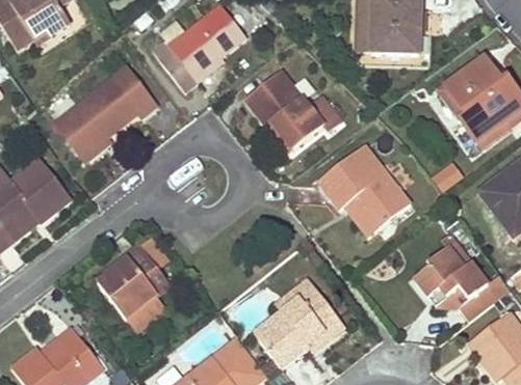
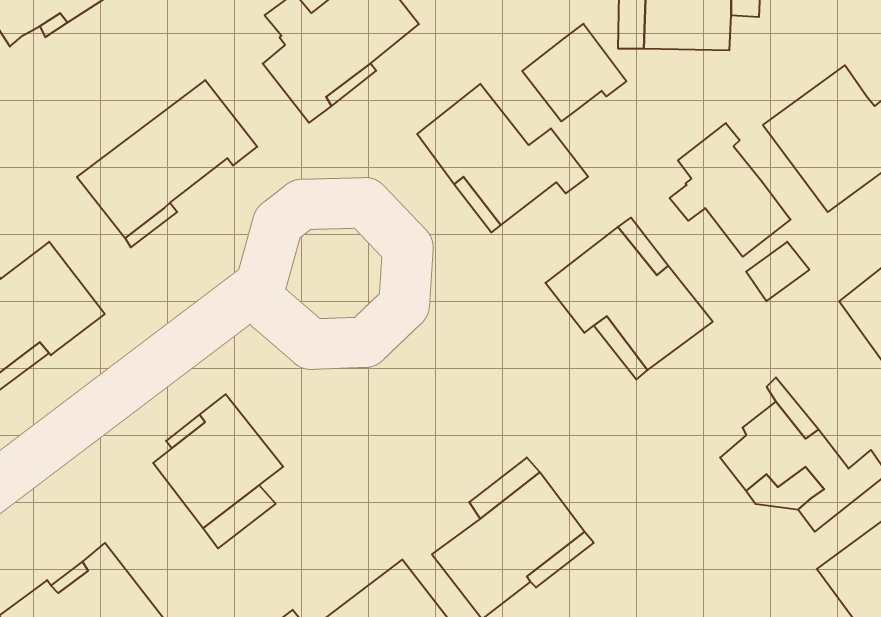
building: none -> [522,24,626,121]
building: none -> [670,123,791,257]

